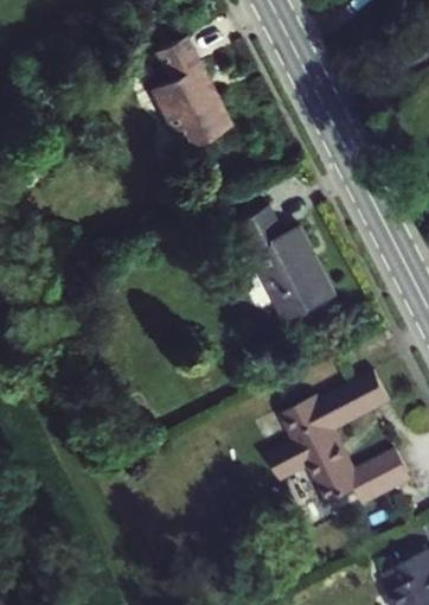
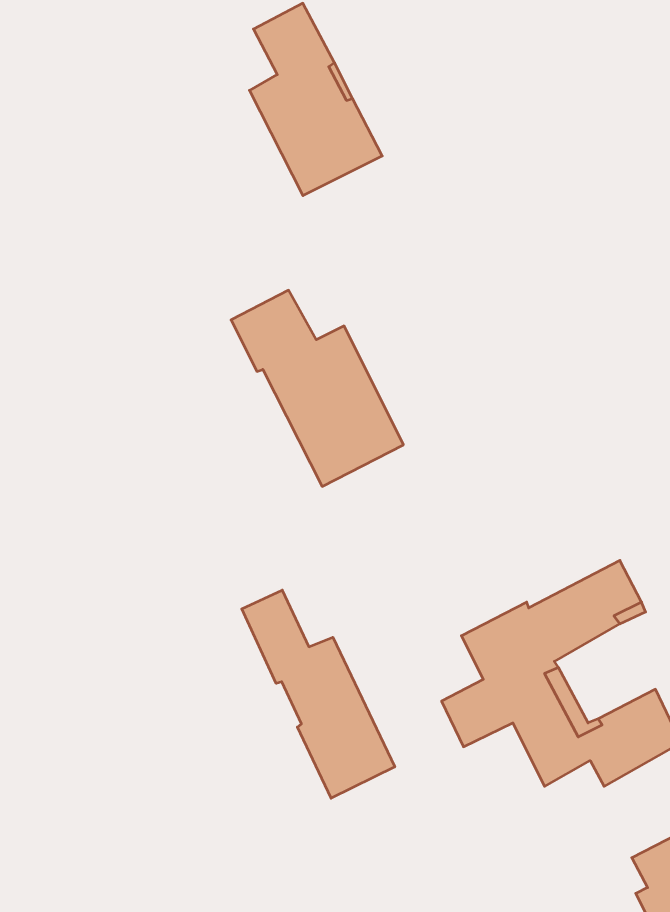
building: [236,216,339,333] -> [231,290,403,486]
building: none -> [242,590,395,798]

